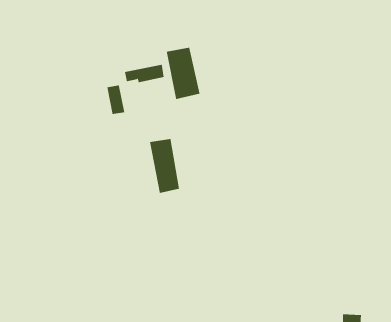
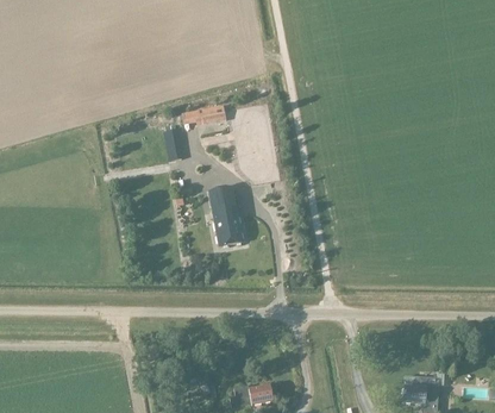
building: [166,47,200,100] -> none

